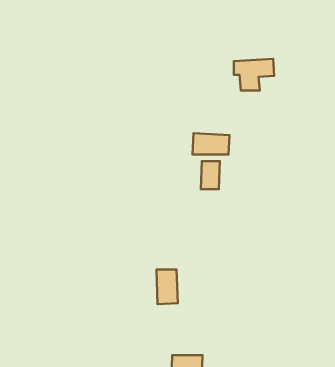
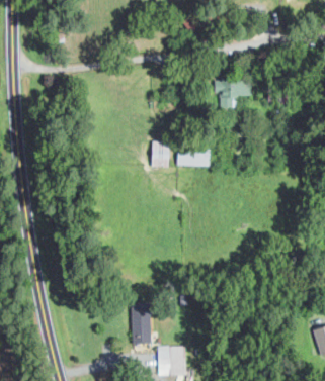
building: [201,161,220,189] -> [151,141,168,167]
building: [156,269,178,304] -> [131,313,150,345]

